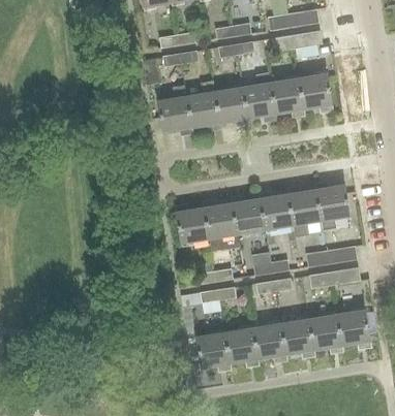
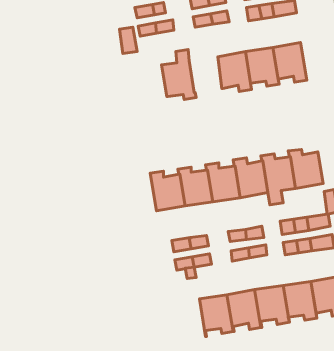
building: [214,88,249,127] -> none
building: [158,96,193,136] -> none
building: [196,332,231,372] -> none

